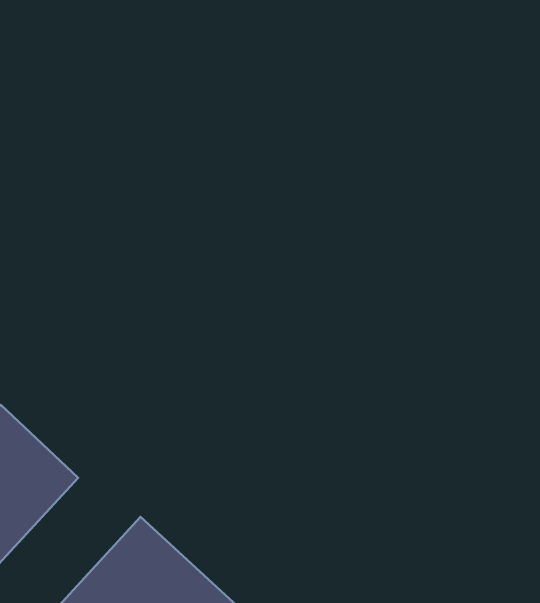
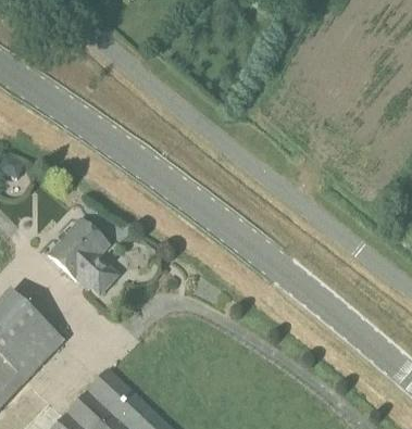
building: none -> [49,217,117,292]

